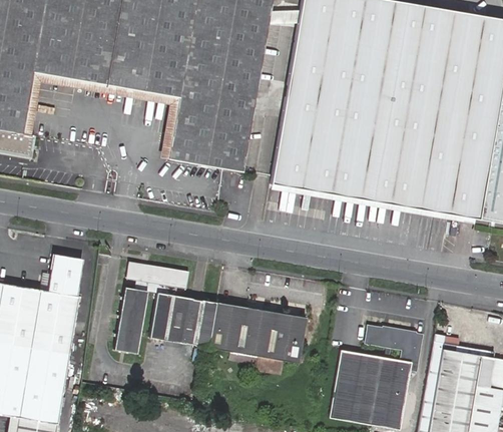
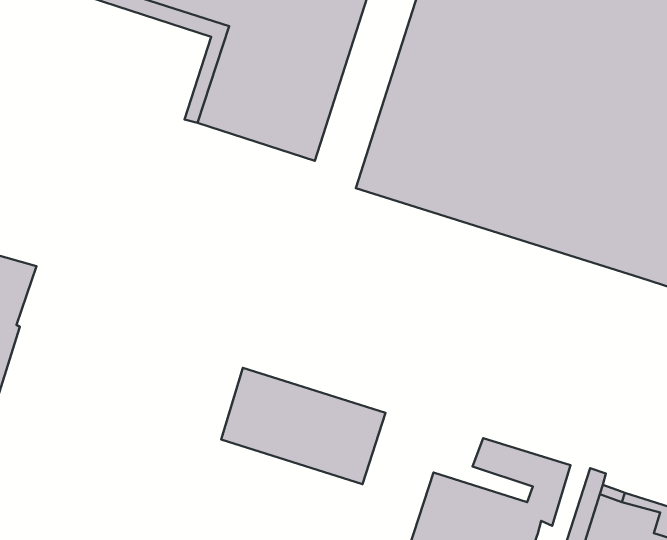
building: [114,262,216,354] -> none

